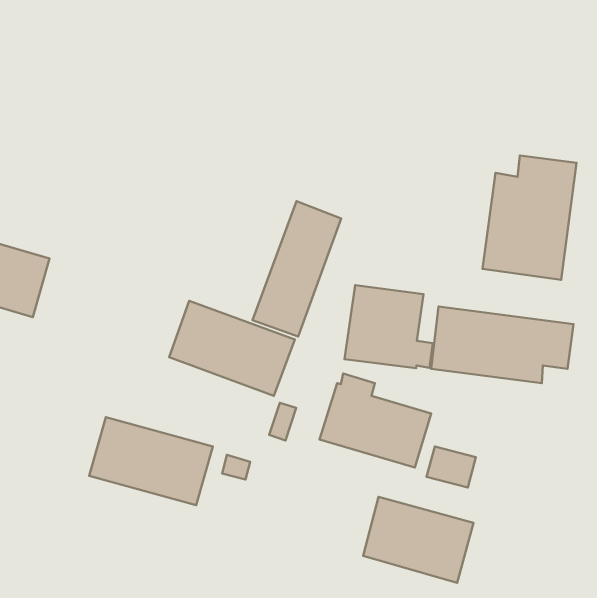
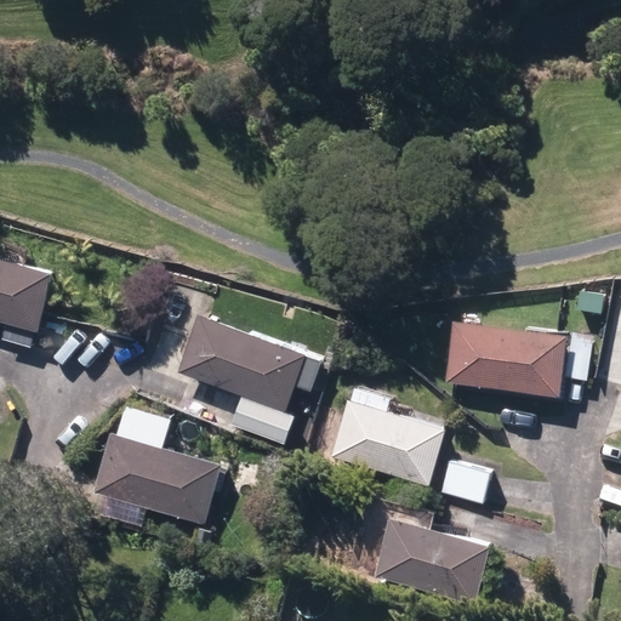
building: [483,155,577,280] -> none
building: [253,201,341,337] -> none
building: [345,285,433,368] -> none

